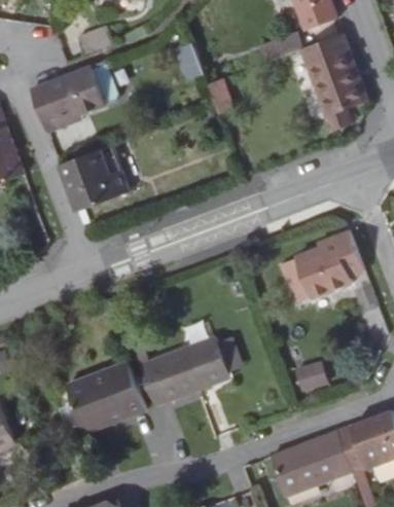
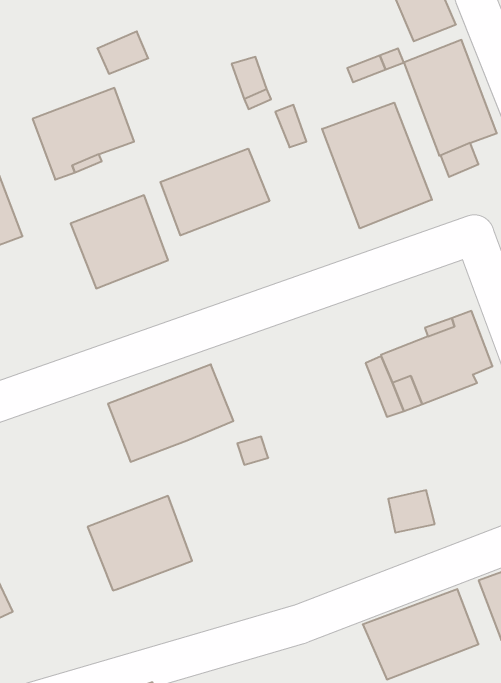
building: none -> [322,103,432,228]
building: none -> [160,149,269,235]
building: [139,335,230,406] -> [108,364,233,462]

